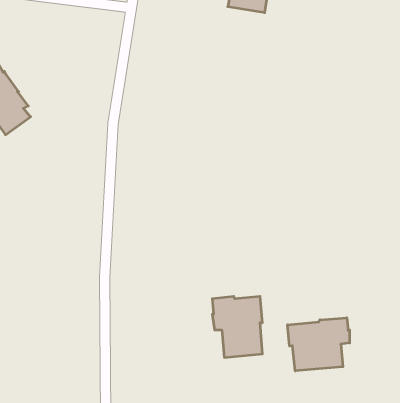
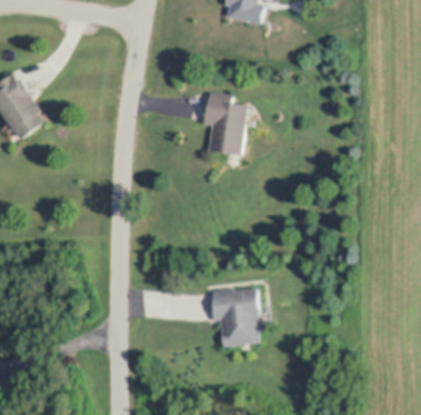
building: none -> [202,95,245,155]
building: [288,318,350,371] -> none

